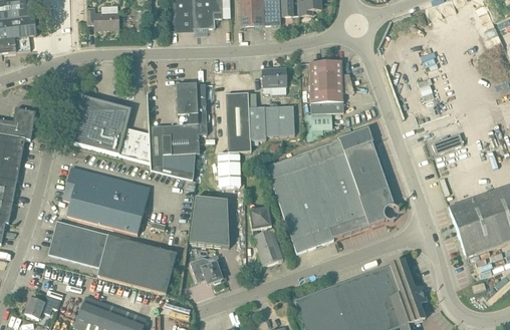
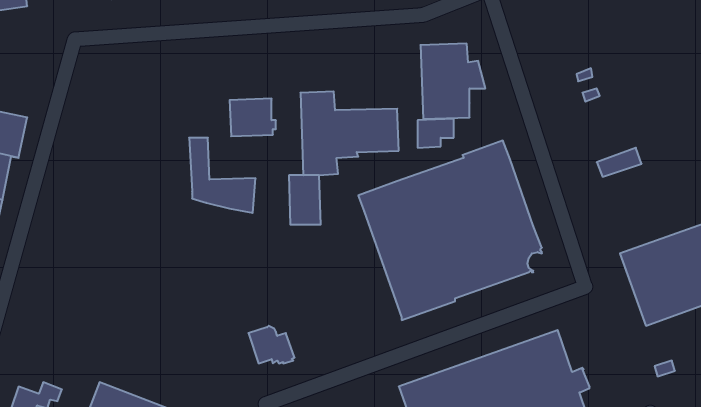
building: [262,67,286,93] -> none
building: [176,83,206,99] -> none
building: [70,91,151,162] -> none
building: [162,123,207,154] -> none
building: [63,167,150,235] -> none
building: [190,192,229,243] -> none
building: [248,206,283,265] -> none
building: [48,221,177,293] -> none

